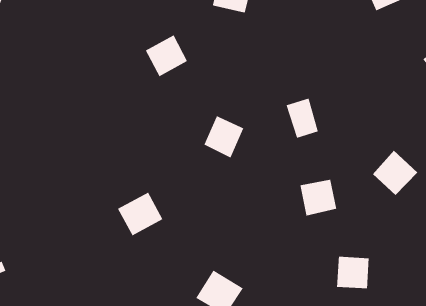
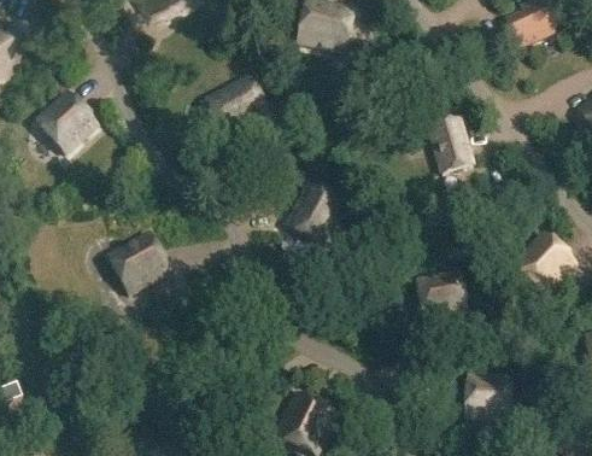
building: none -> [36,94,96,154]
building: [286,98,319,139] -> [428,119,473,175]
building: [117,192,164,236] -> [107,234,170,294]

